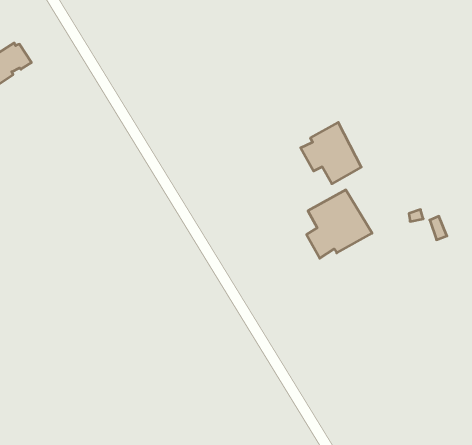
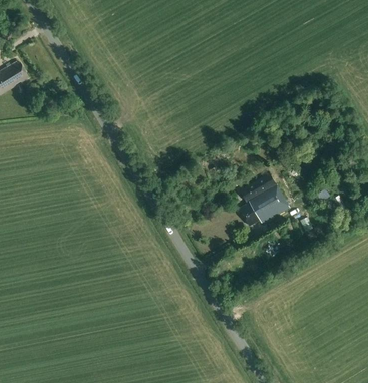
building: [301,122,361,184] -> none

